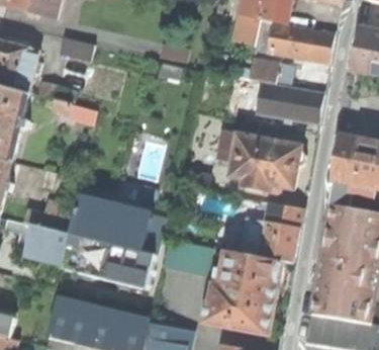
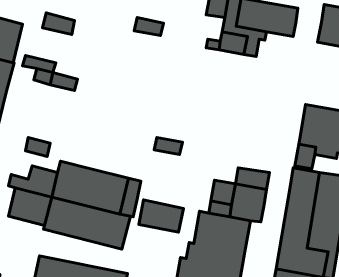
building: [256,82,323,123] -> none
building: [223,119,304,192] -> none

